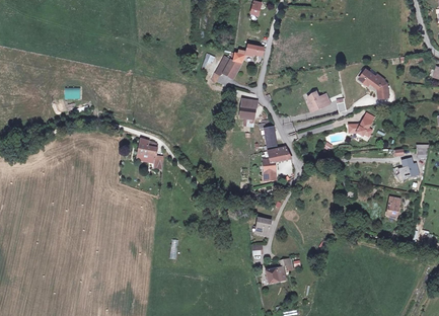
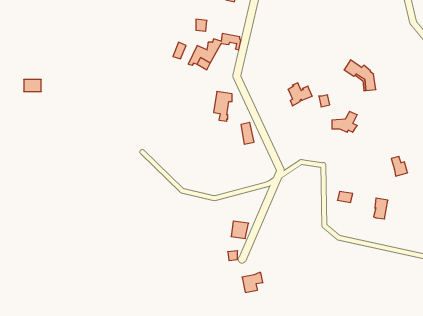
building: [136,138,162,168] -> none
building: [262,146,290,180] -> none

